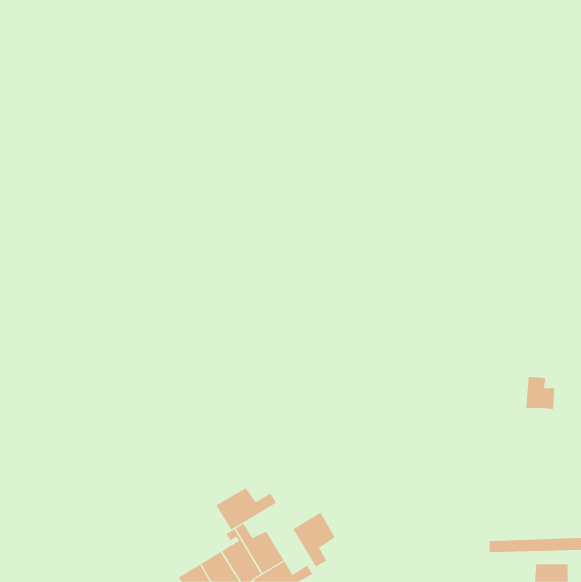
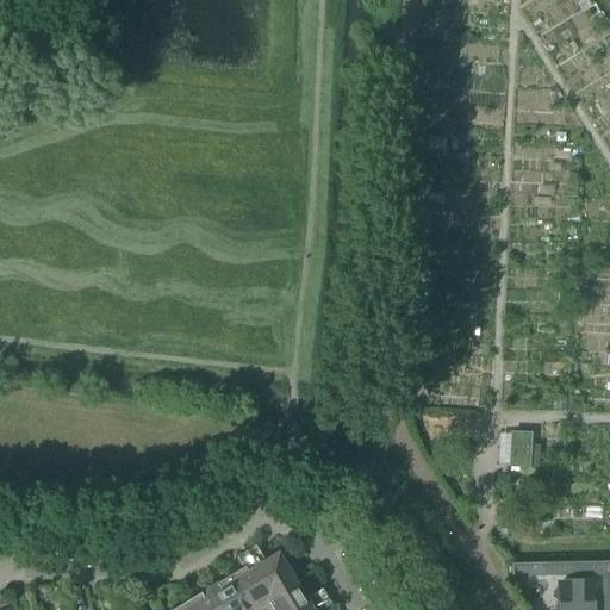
building: [526,377,555,410] -> [510,435,541,469]
building: [216,487,277,530] -> none
building: [292,512,335,568] -> none

